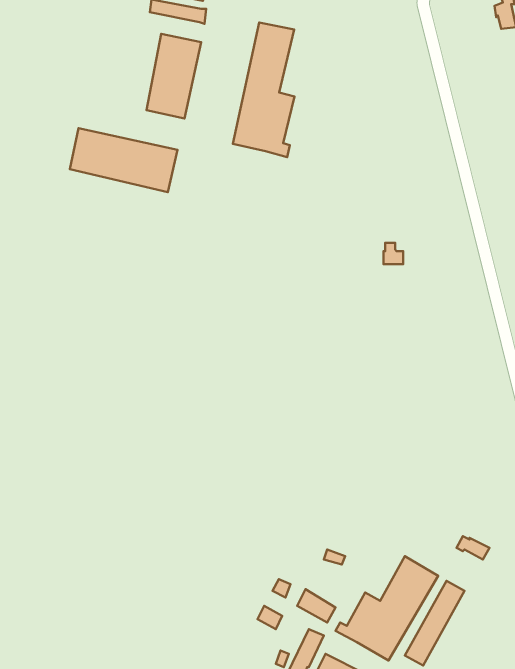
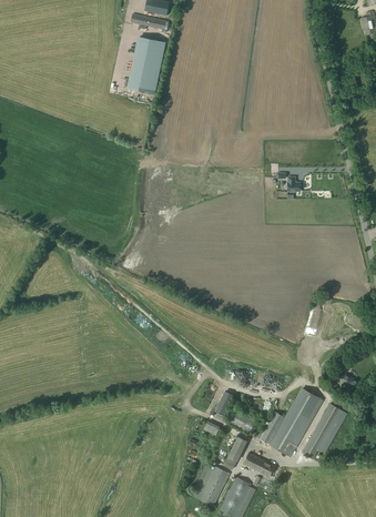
building: [233,22,294,157] -> none
building: [70,128,177,192] -> none

